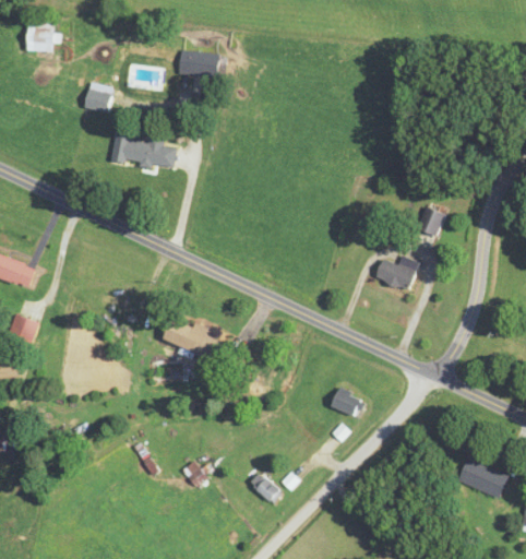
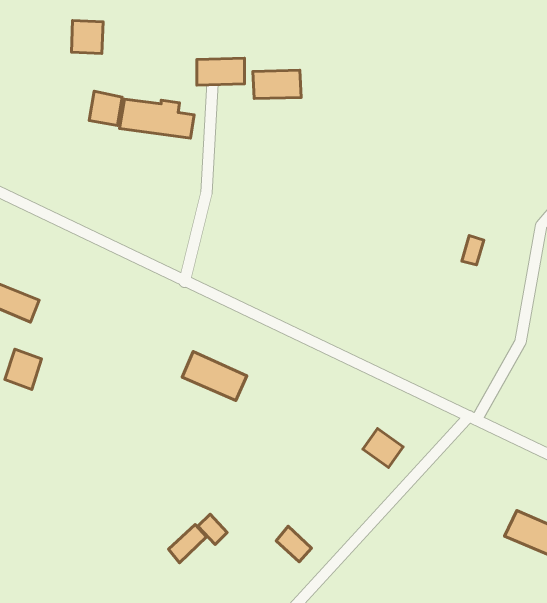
building: [29,23,58,52] -> [71,20,103,53]
building: none -> [253,70,301,99]
building: [111,134,178,169] -> [120,99,194,138]
building: [367,257,408,293] -> none
building: none -> [168,525,207,563]

